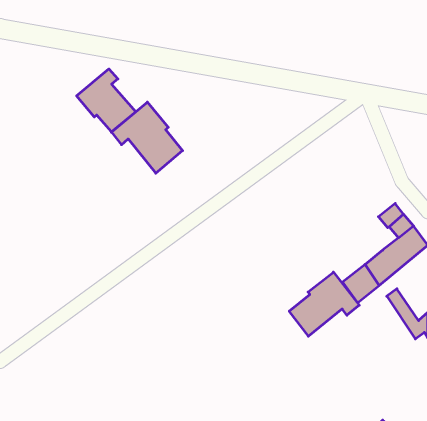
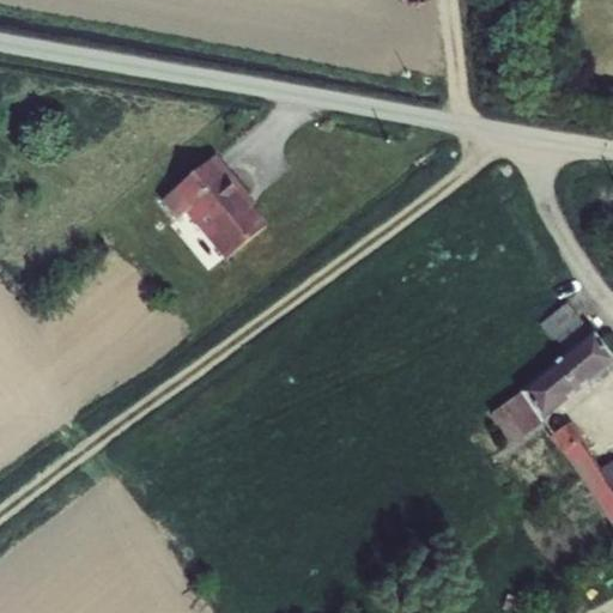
building: [77,69,136,132] -> none
building: [289,272,359,336] -> none

